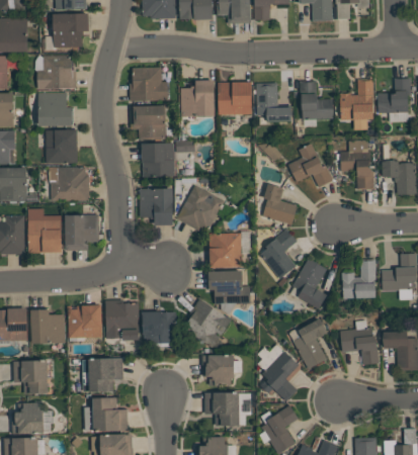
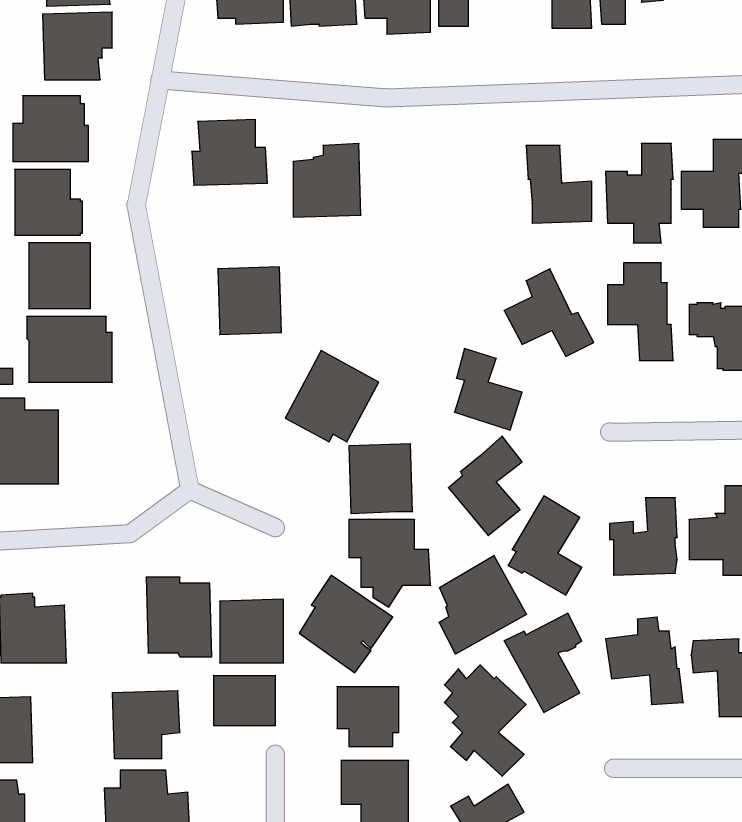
building: [219,81,252,114] -> none
building: [257,82,292,121] -> none
building: [131,104,167,140] -> none
building: [140,188,174,225] -> none
building: [66,214,99,250] -> none
building: none -> [439,555,527,654]
building: [69,304,102,341] -> none
building: none -> [214,675,275,726]

